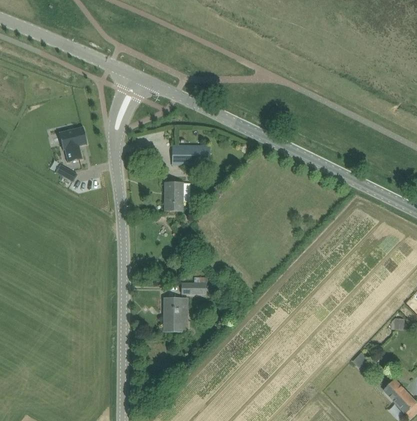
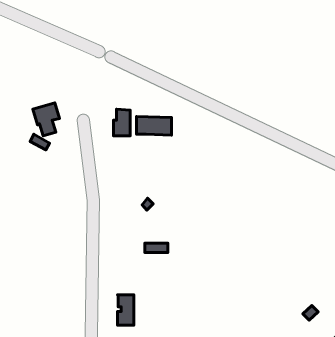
building: [164,181,182,210] -> [114,109,130,136]
building: [163,297,181,330] -> [117,295,134,325]

